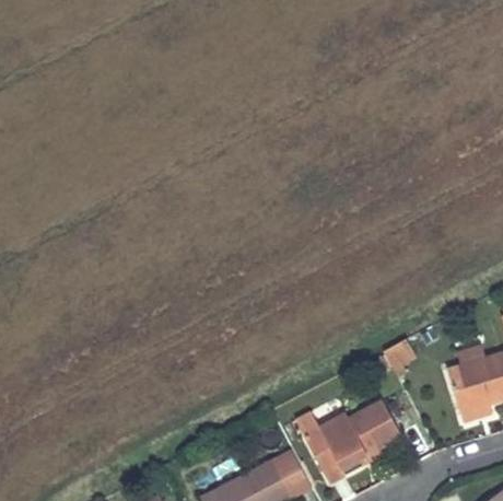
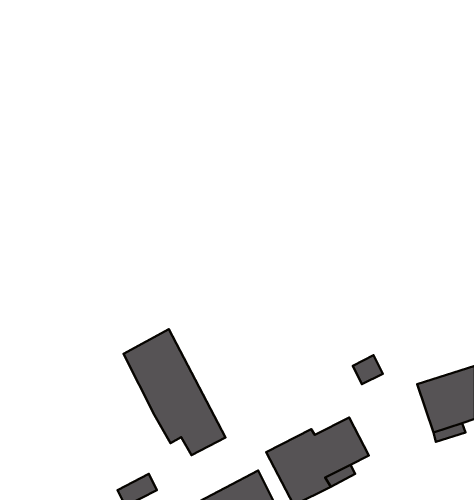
building: none -> [123,329,226,455]

